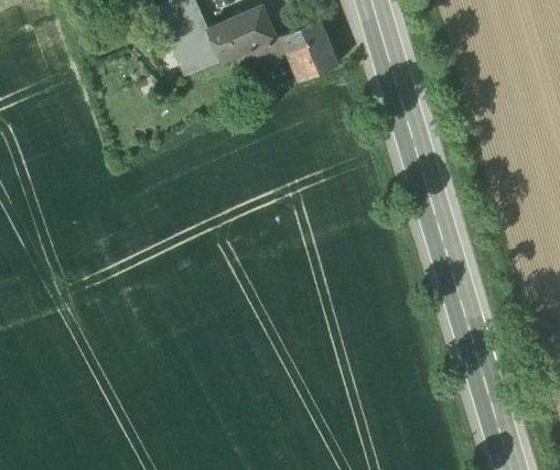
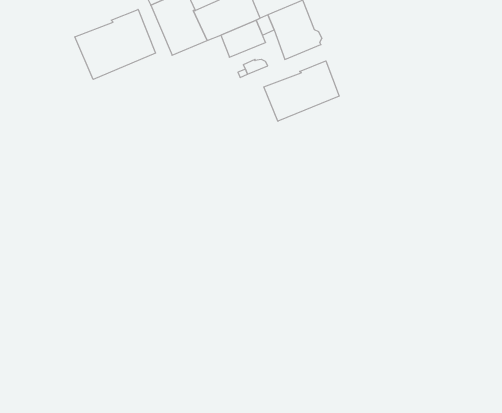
building: none -> [75,9,155,79]
building: none -> [264,61,339,121]

